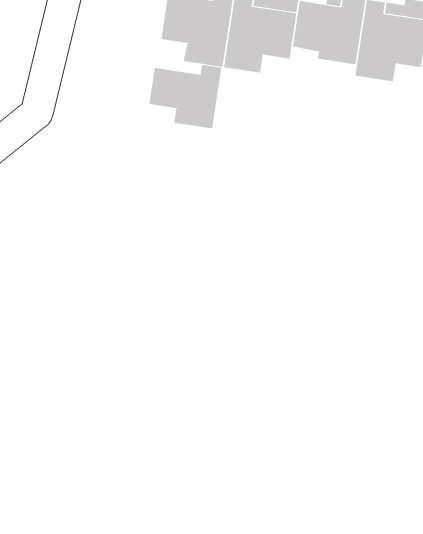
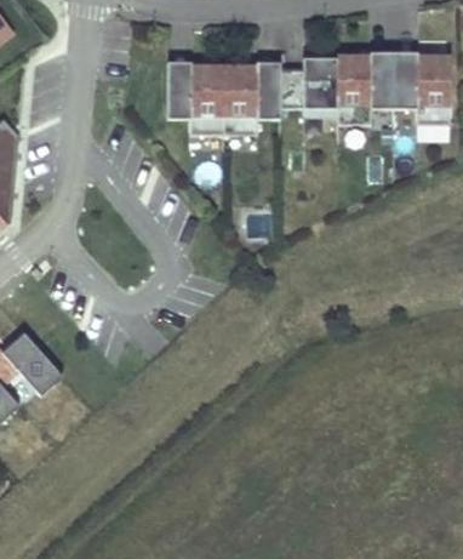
building: [149,64,222,129] -> none

